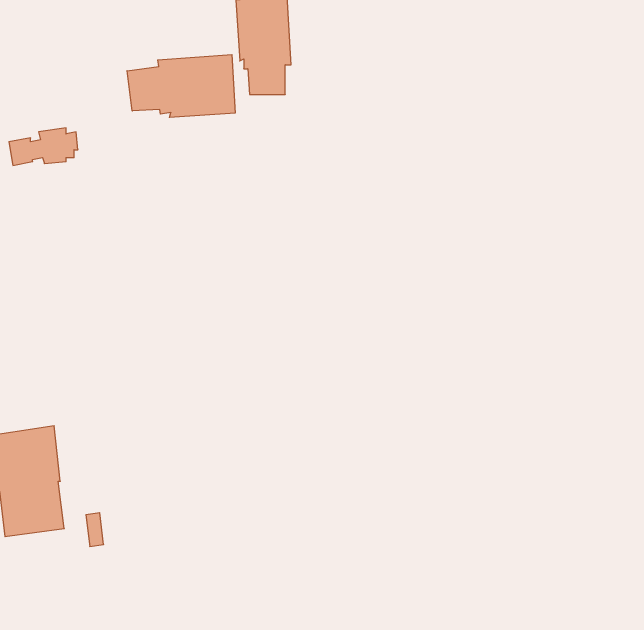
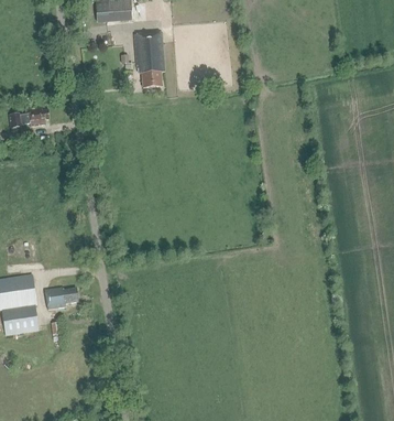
building: [127,55,235,117] -> none
building: none -> [43,288,76,310]

